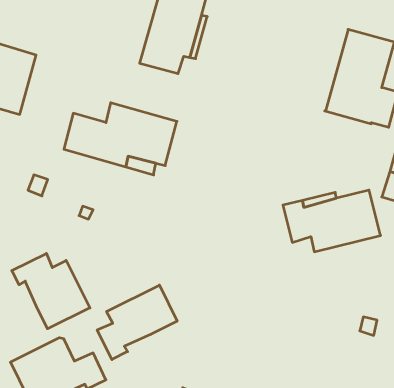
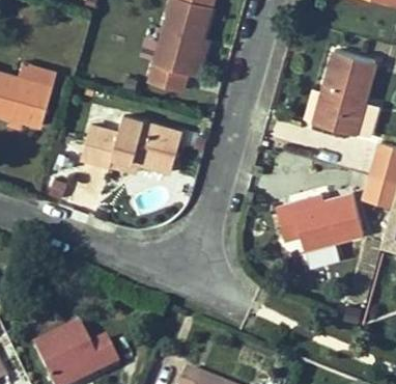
building: [12,253,90,329] -> none
building: [97,285,177,360] -> none

